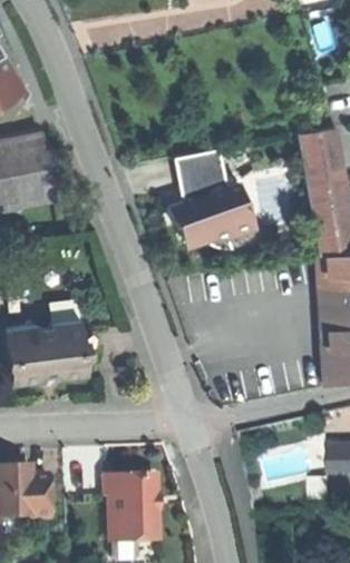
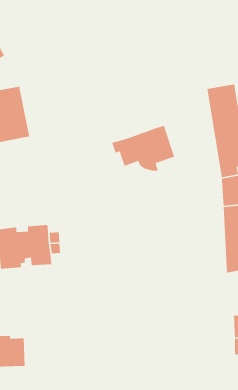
building: [173,148,226,200] -> none
building: [101,475,156,541] -> none

